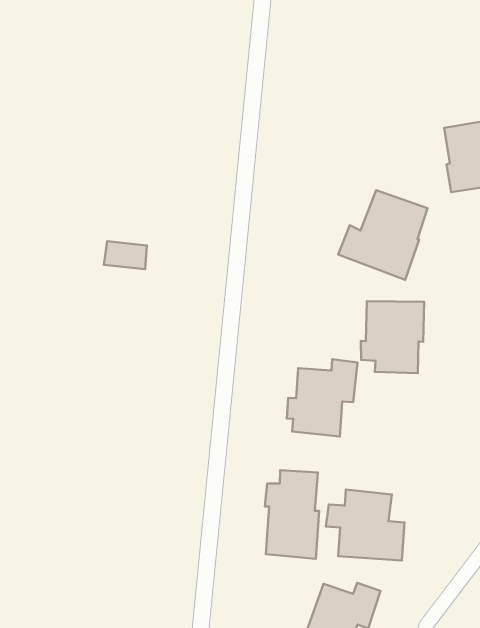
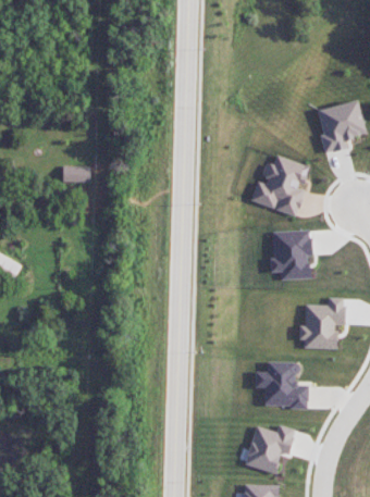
building: [104,241,147,269] -> [61,165,89,183]
building: [287,359,358,436] -> [298,297,344,349]
building: [265,470,319,559] -> none

